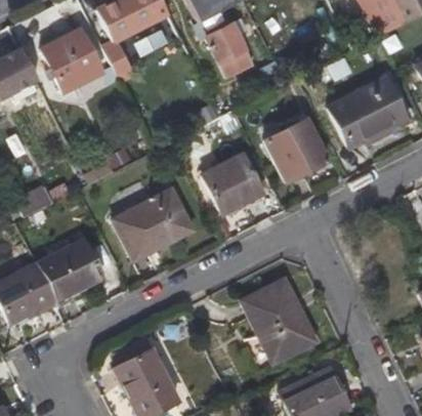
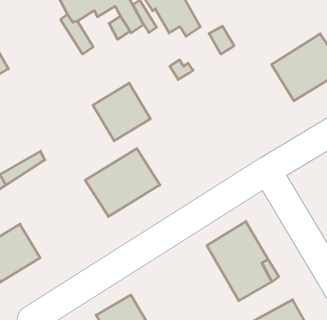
building: [40,28,101,92] -> none
building: [264,119,328,180] -> none
building: [202,152,264,214] -> [93,83,150,141]
building: [37,238,101,300] -> none

